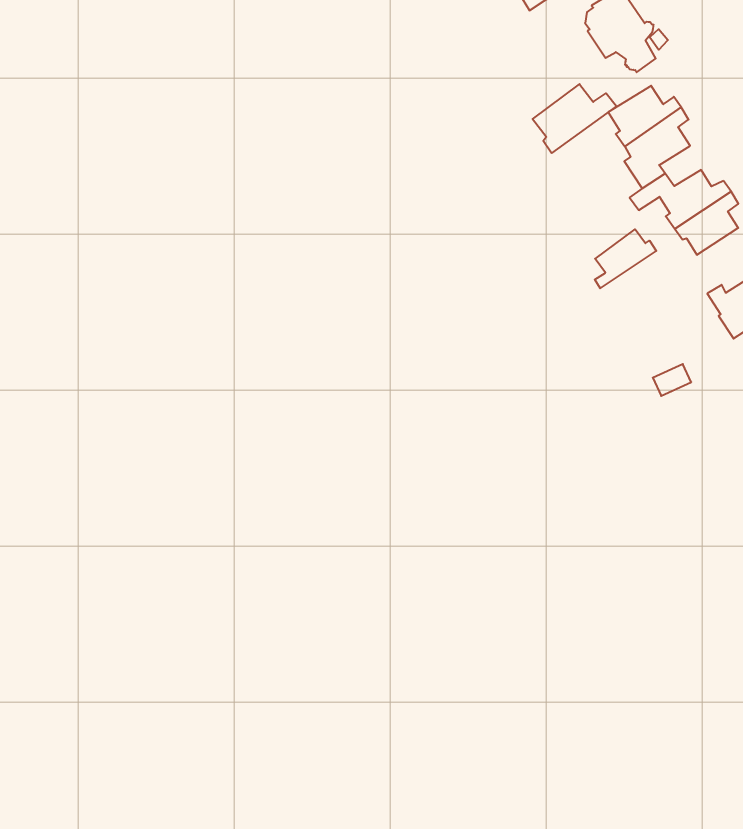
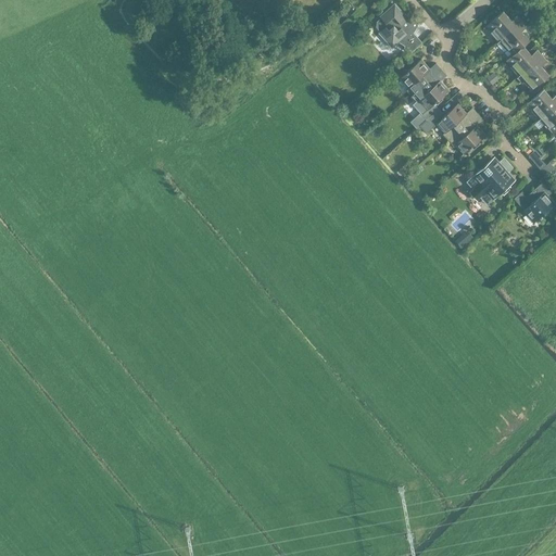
building: [533,84,616,153] -> none
building: [595,229,656,288] -> none

